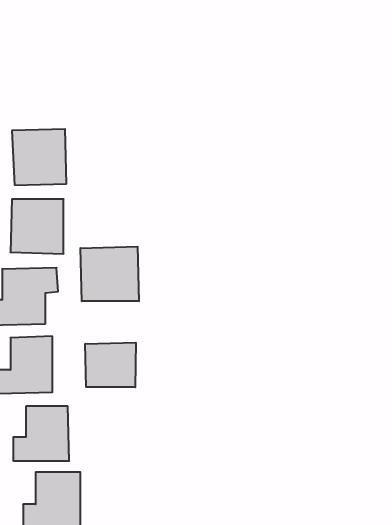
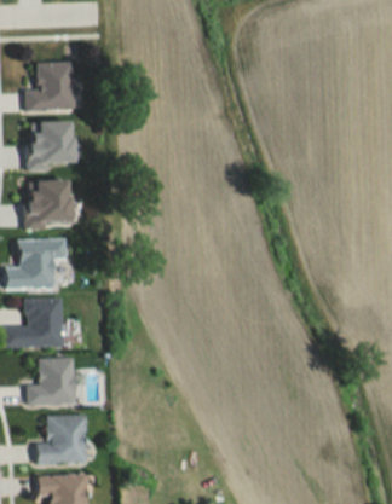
building: none -> [24,60,74,111]
building: [80,247,139,301] -> none
building: [85,343,136,387] -> none

